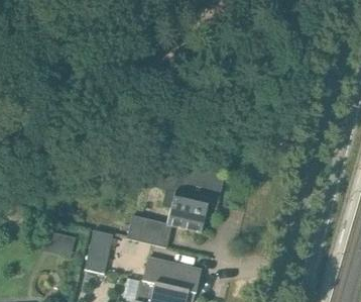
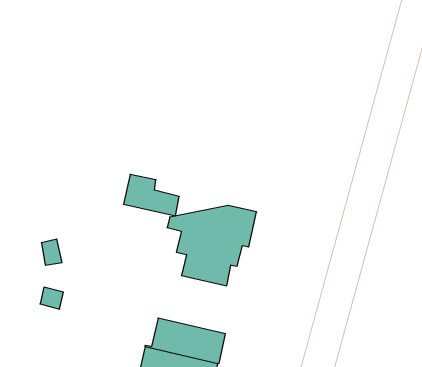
building: [127,214,170,246] -> [124,174,179,216]
building: [85,229,113,273] -> none

